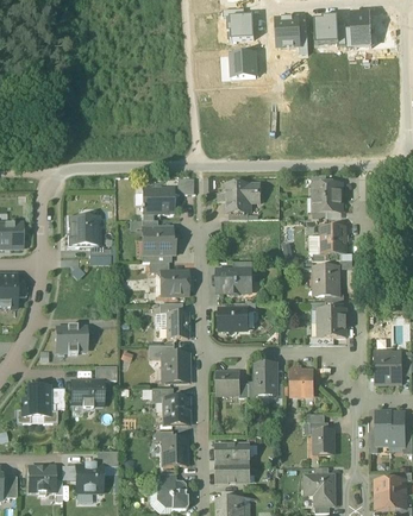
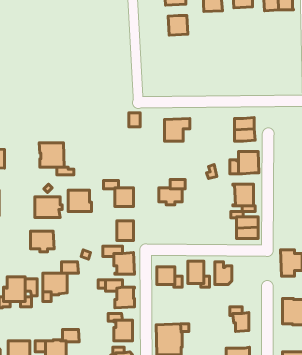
building: [140,188,174,213] -> none
building: [144,227,174,254] -> [68,190,91,212]
building: none -> [35,197,62,217]
building: [219,309,246,332] -> none

